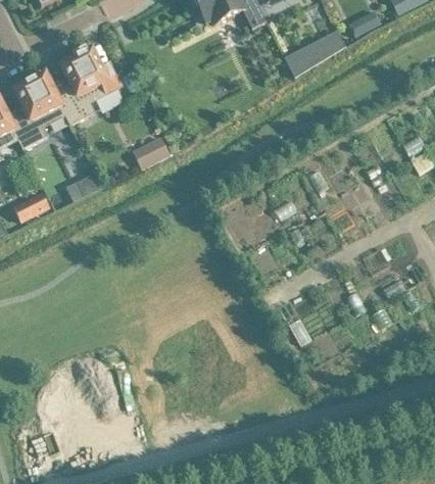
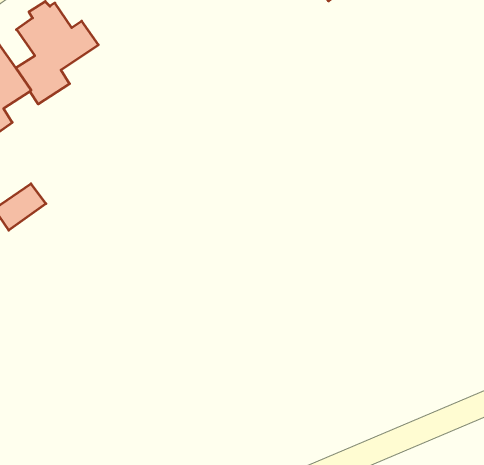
building: [132,137,167,167] -> none
building: [64,172,101,200] -> none

